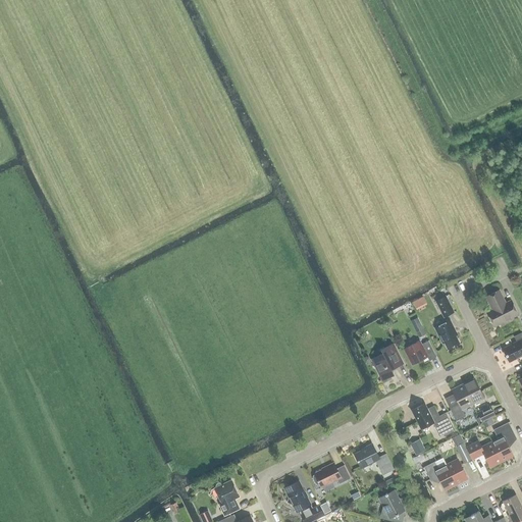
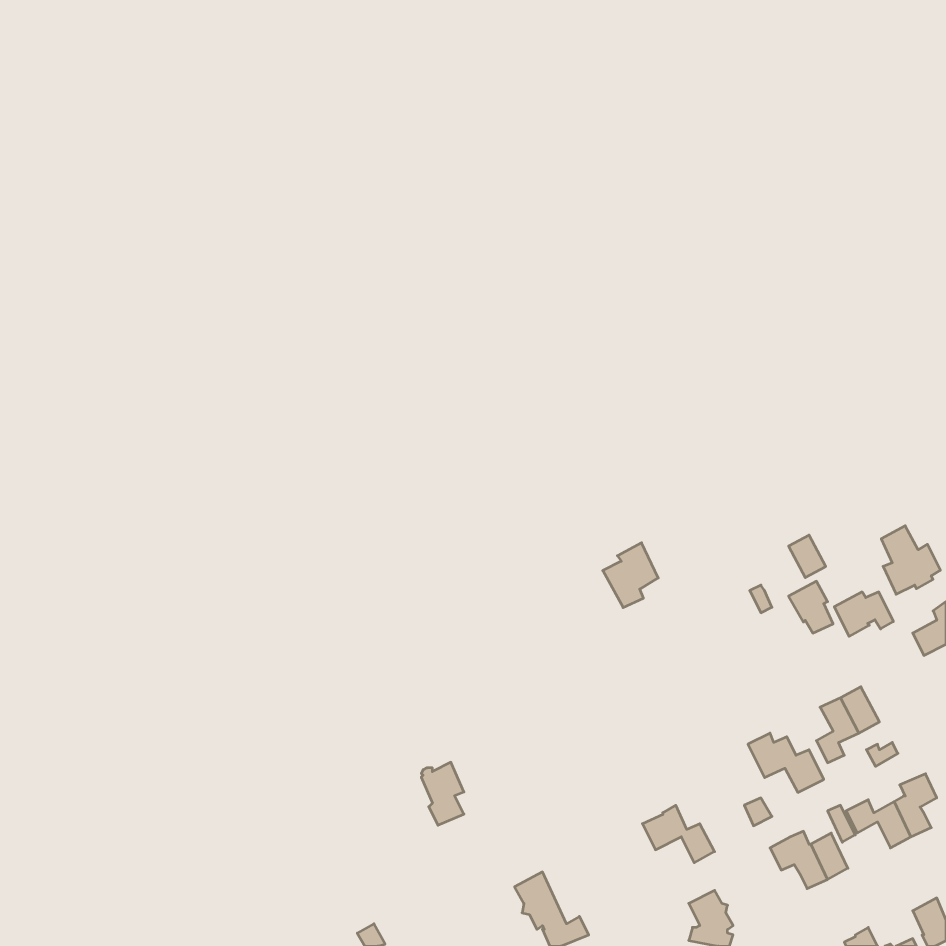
building: [404,341,436,365] -> [834,592,893,636]
building: [371,344,402,379] -> [603,543,658,608]
building: [314,463,350,487] -> none
building: [215,480,239,515] -> [421,762,464,825]

